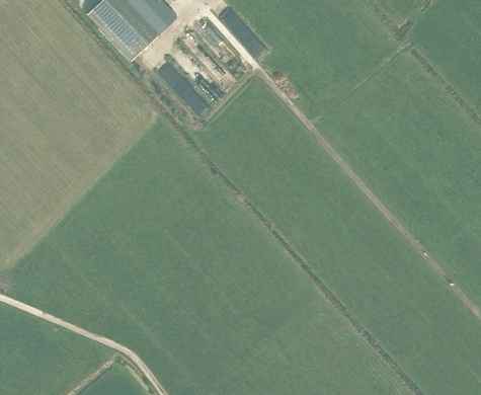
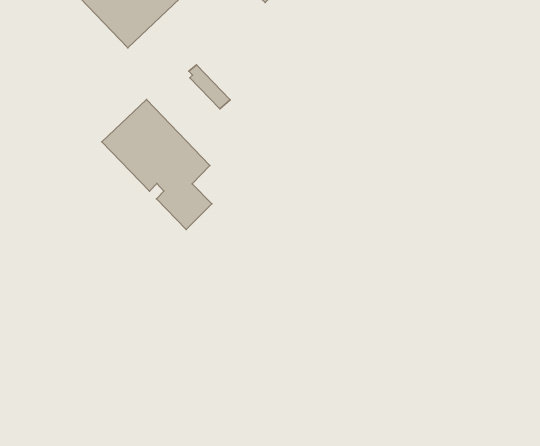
building: none -> [102,99,212,230]

